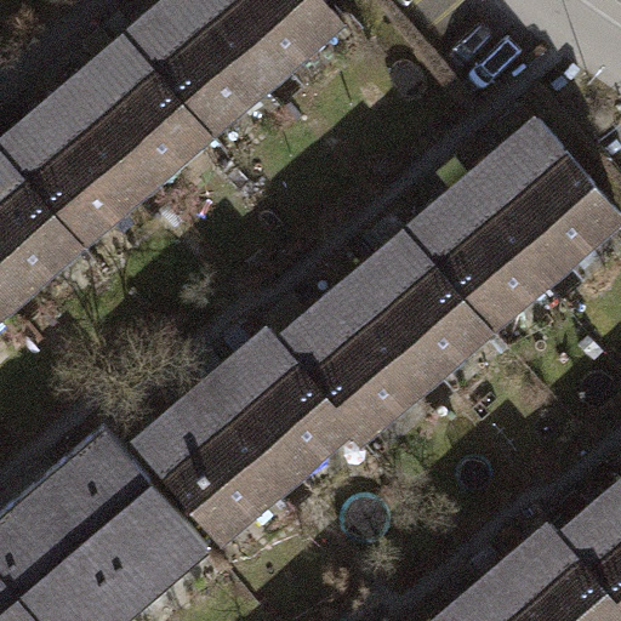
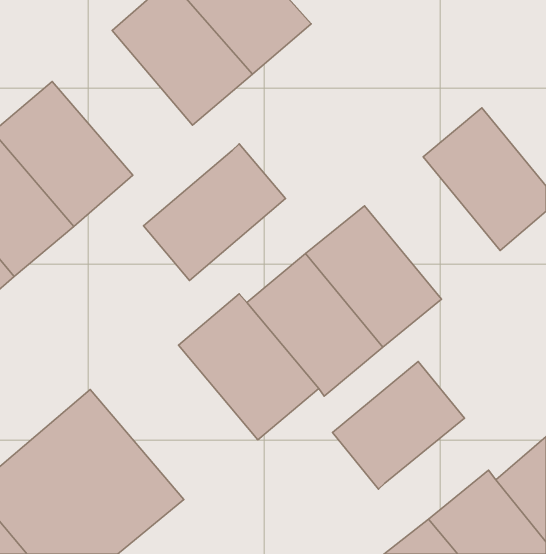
building: [58,34,215,195] -> none
building: none -> [143,144,285,280]
building: [406,175,558,334] -> none
building: [132,384,287,546] -> none
building: none -> [332,362,464,489]

